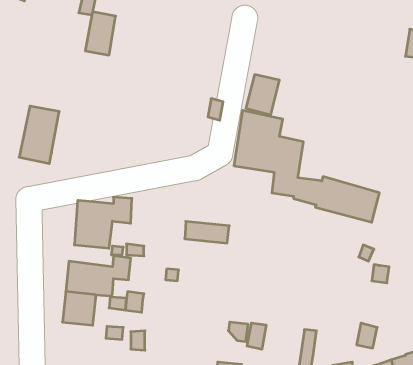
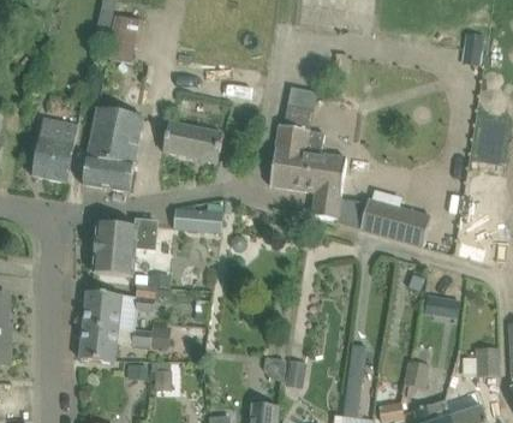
building: none -> [82,108,142,191]
building: none -> [162,121,222,162]
building: [185,221,229,243] -> [173,208,222,232]

